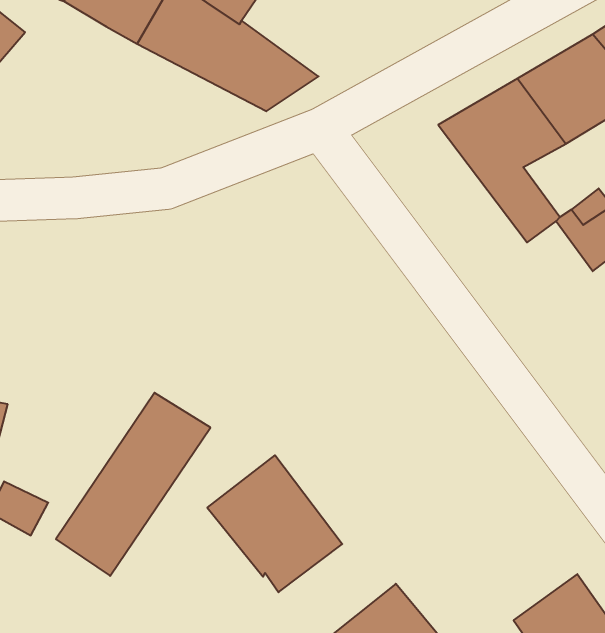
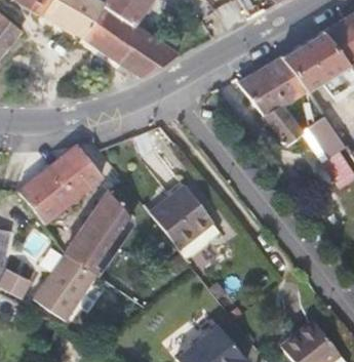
building: none -> [21,145,102,222]
building: none -> [89,194,132,242]
building: [207,455,342,592] -> [147,185,219,257]

